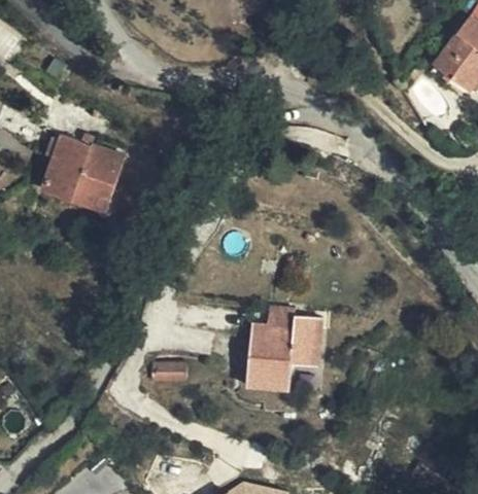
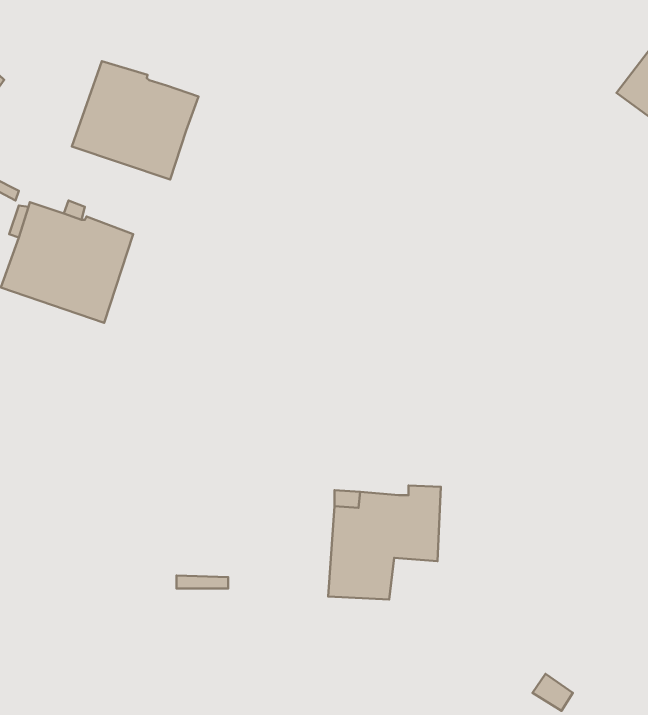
building: none -> [72,61,198,180]

